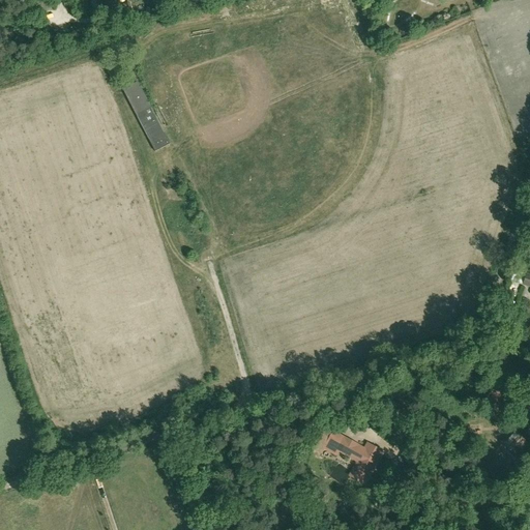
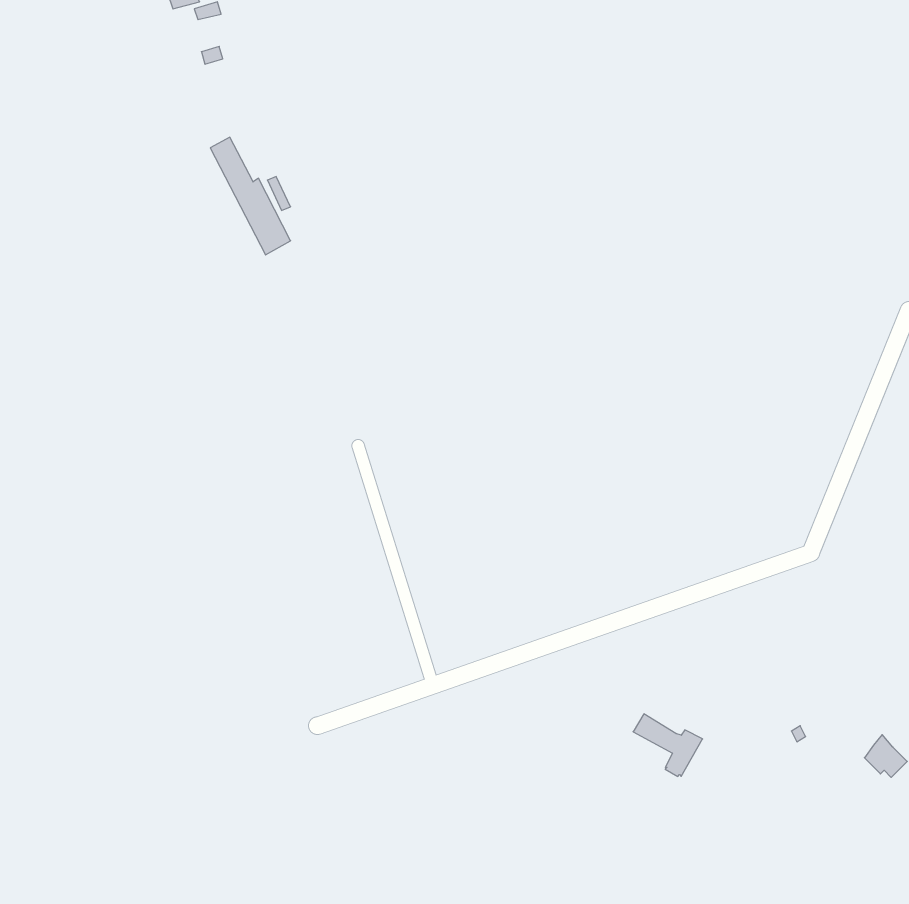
building: [337,435,378,471] -> [633,714,703,776]

